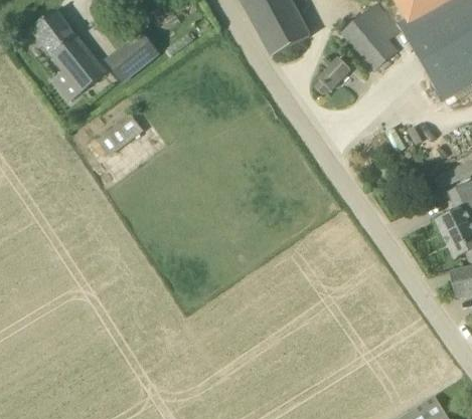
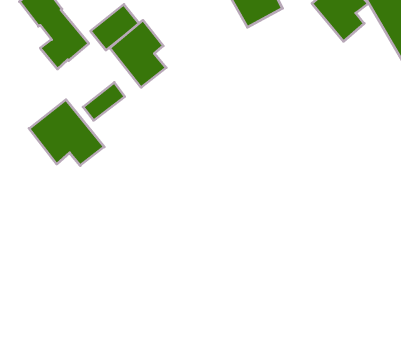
building: none -> [110,20,166,87]
building: [316,57,350,92] -> none
building: none -> [29,100,104,166]

